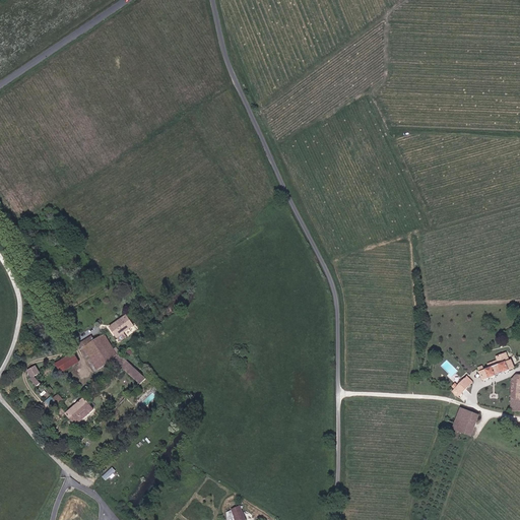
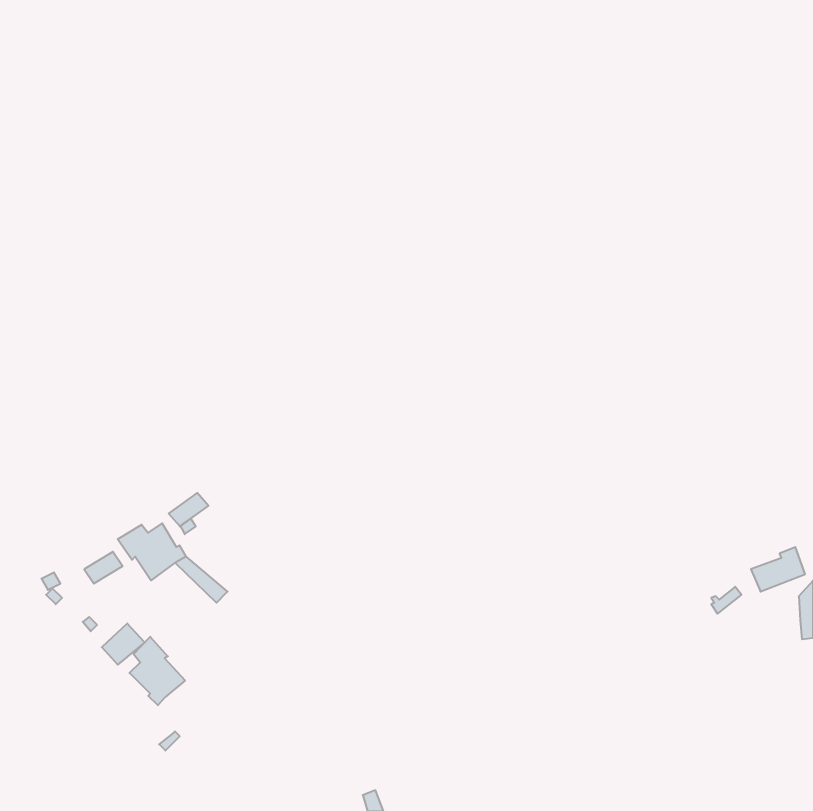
building: none -> [129,637,185,705]
building: [447,407,478,433] -> none

